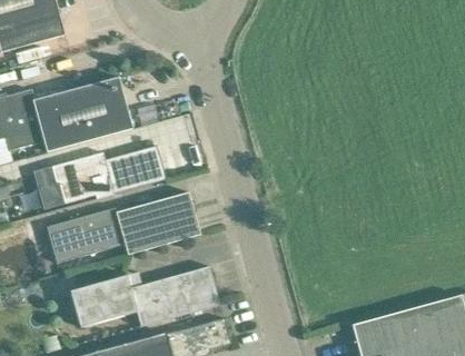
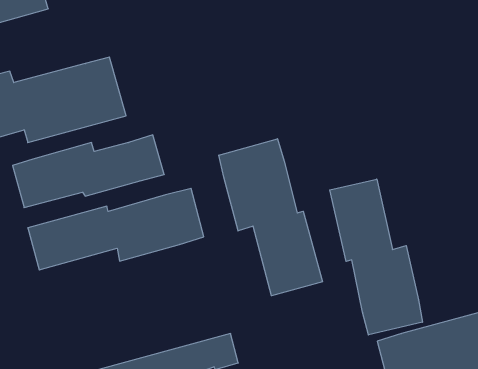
building: none -> [219,139,322,296]
building: none -> [330,179,422,335]
building: [70,266,219,327] -> none

